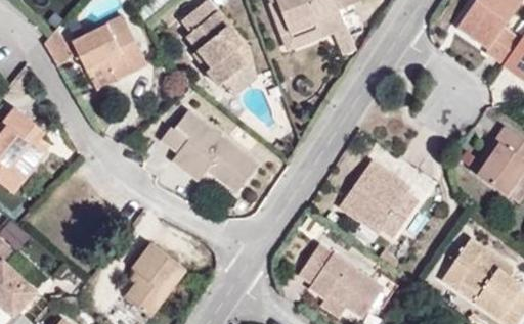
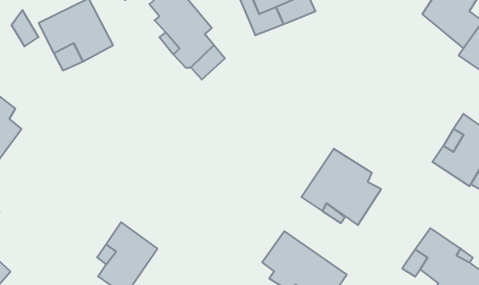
building: [152,111,254,193] -> none

